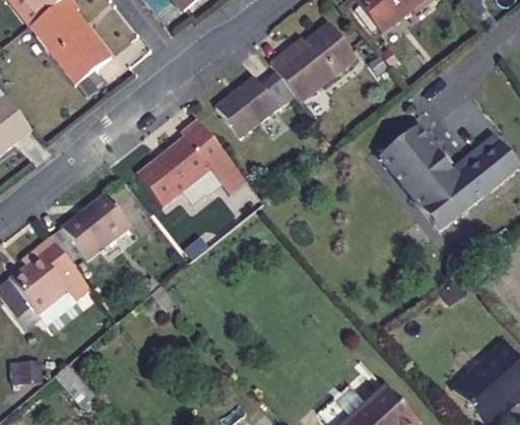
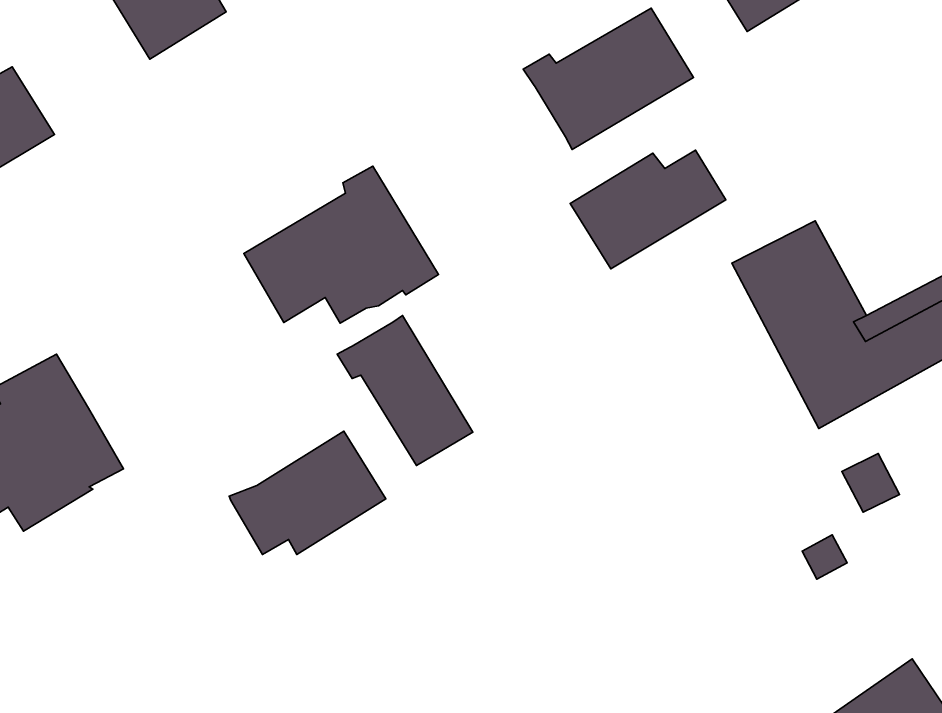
building: [216,71,295,136] -> [570,150,726,269]
building: [50,193,129,260] -> [229,431,386,555]
building: none -> [337,316,473,466]

